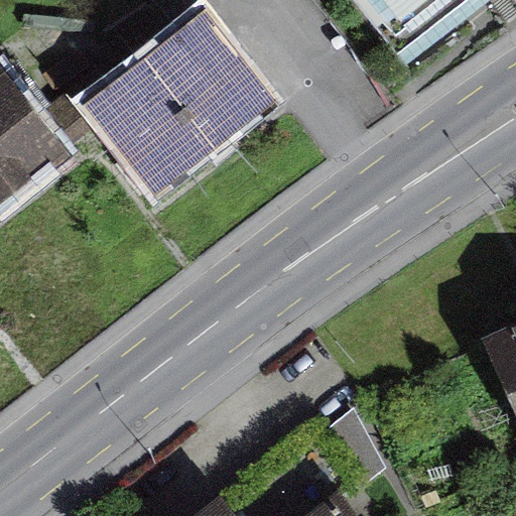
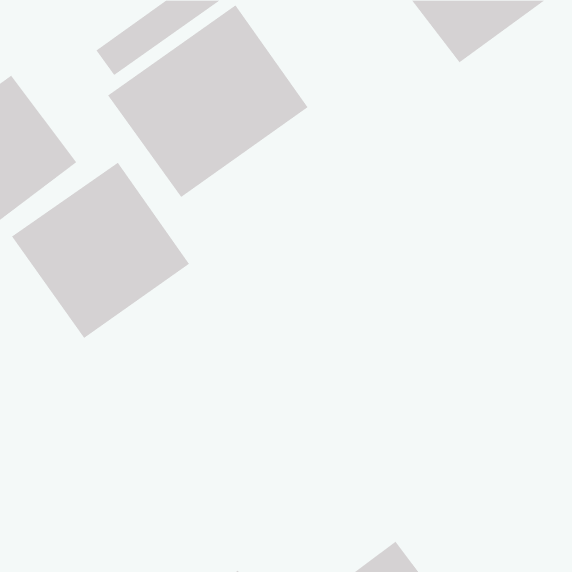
building: none -> [11,162,190,339]

